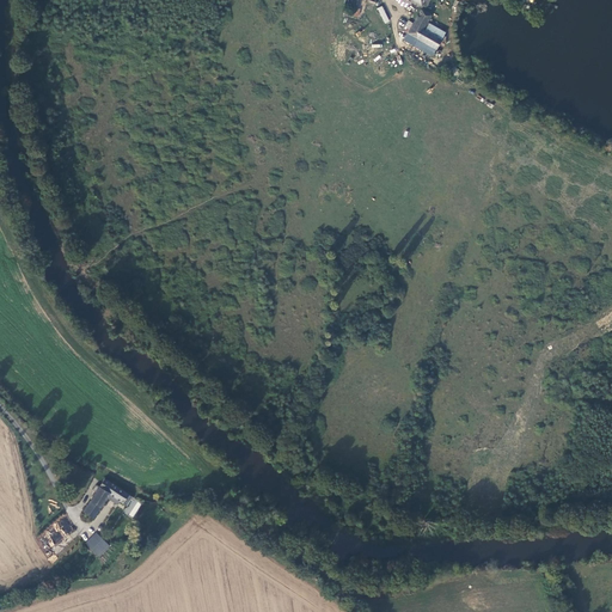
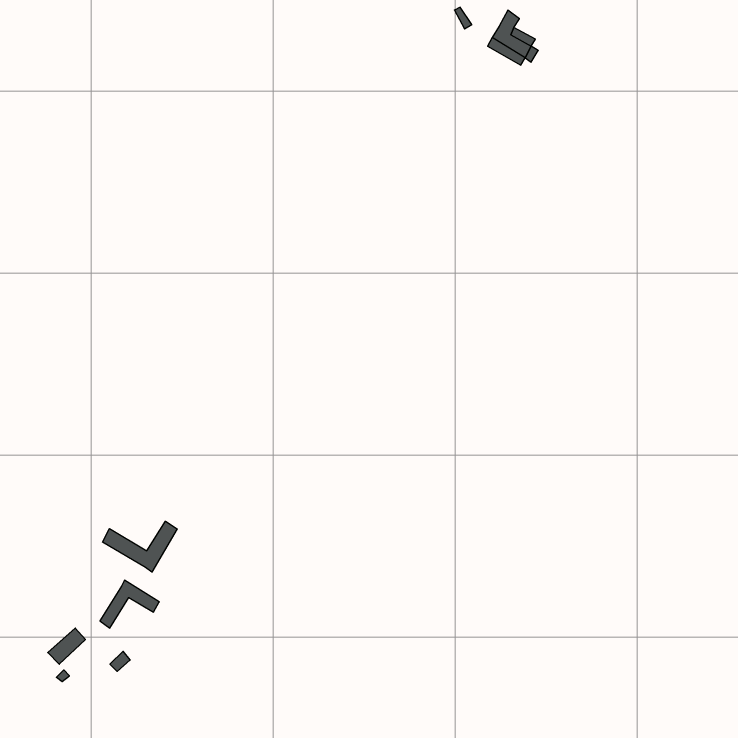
building: none -> [103,521,177,572]

